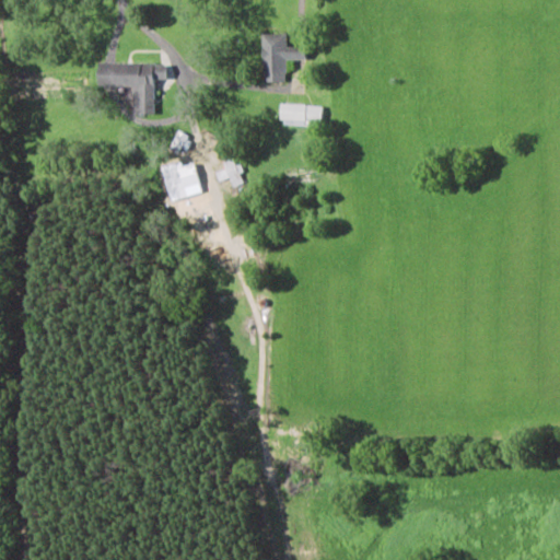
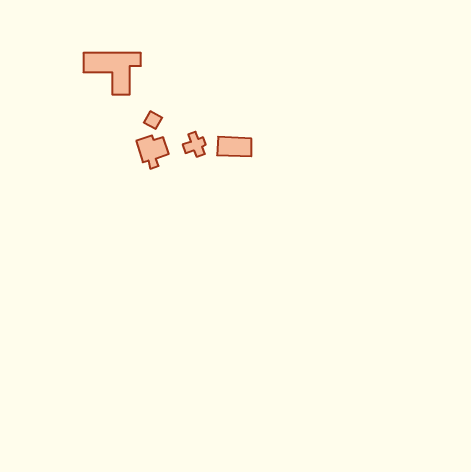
building: [261,35,306,83] -> none
building: [280,105,320,128] -> [217,137,251,156]

